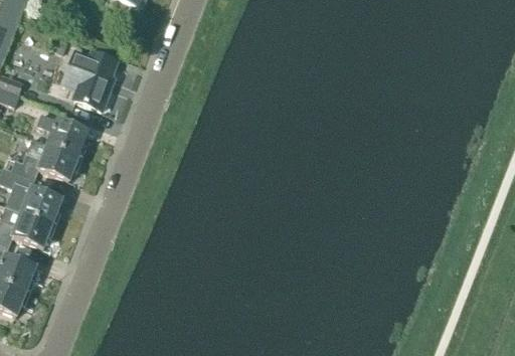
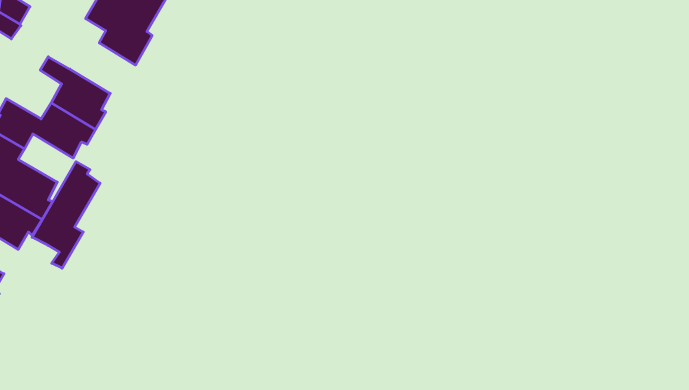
building: none -> [32,162,100,268]

